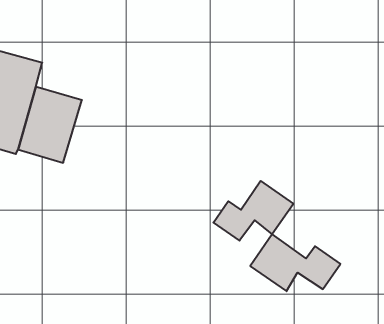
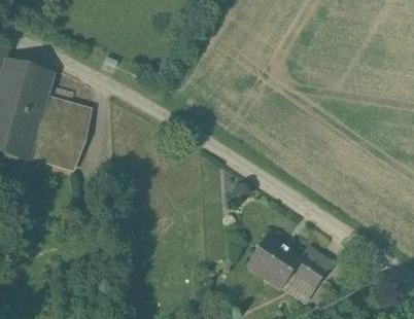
building: [213,181,293,241] -> none

